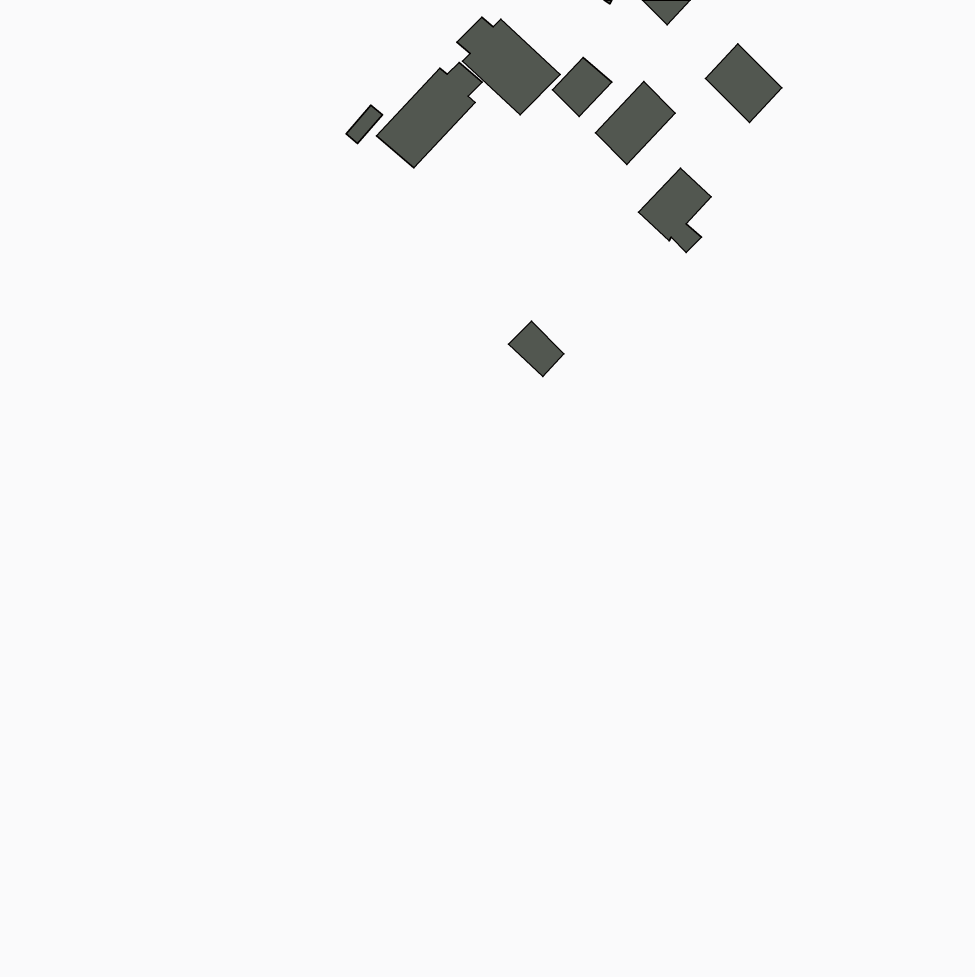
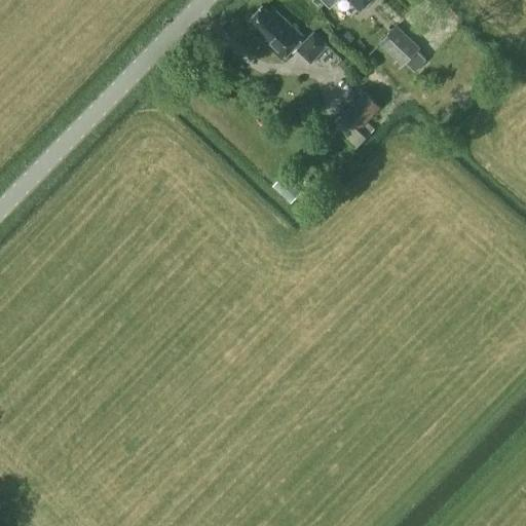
building: [377,62,482,168] -> none
building: [595,81,675,164] -> none

